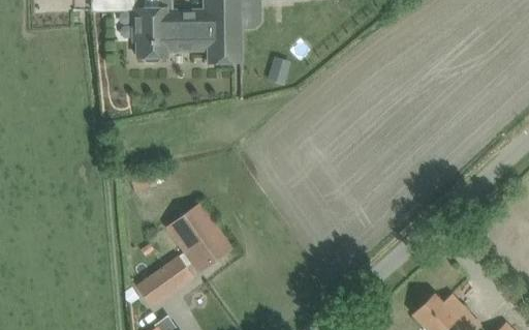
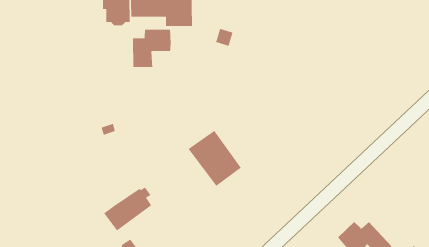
building: none -> [132,29,172,68]
building: [166,204,231,272] -> [188,130,242,187]

